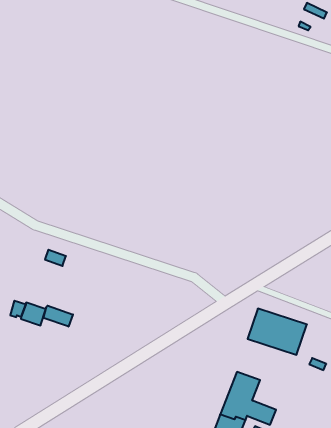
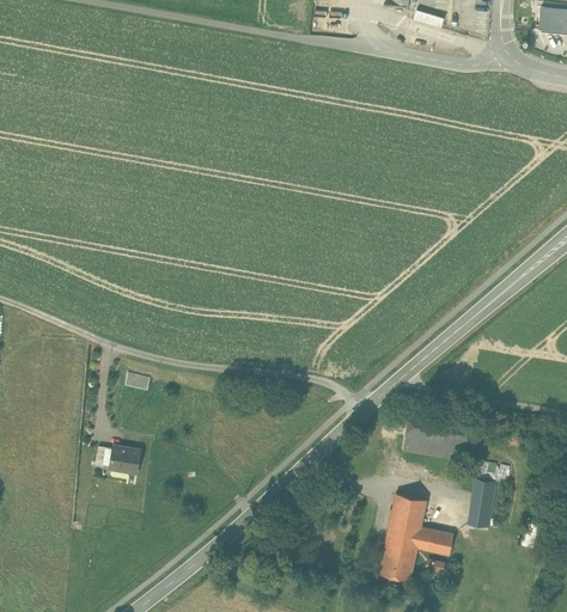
building: [43,306,73,327] -> none
building: none -> [468,478,496,527]

